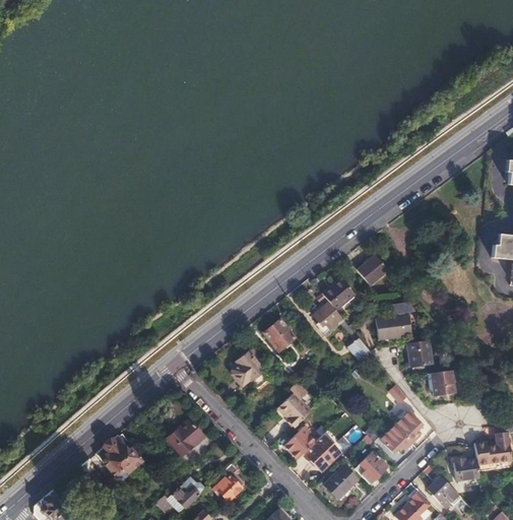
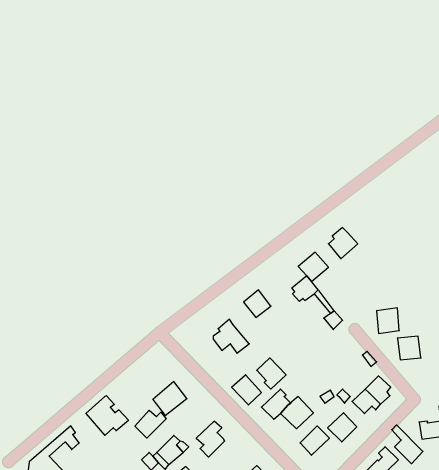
building: [375,314,409,338] -> none
building: none -> [232,375,261,405]
building: none -> [135,410,166,438]

